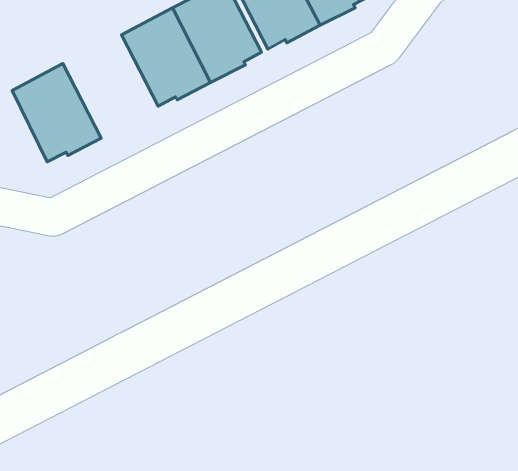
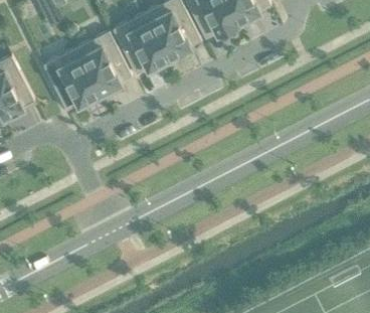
building: none -> [74,34,131,98]

